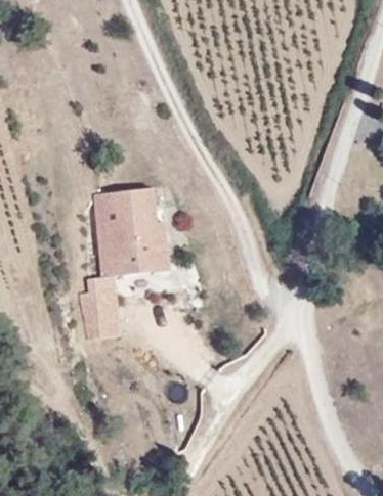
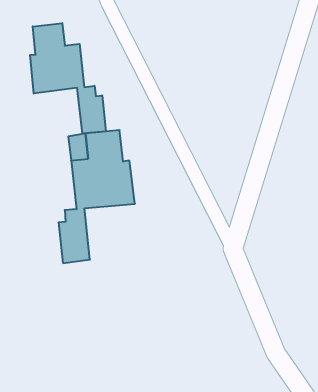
building: none -> [30,23,106,133]

